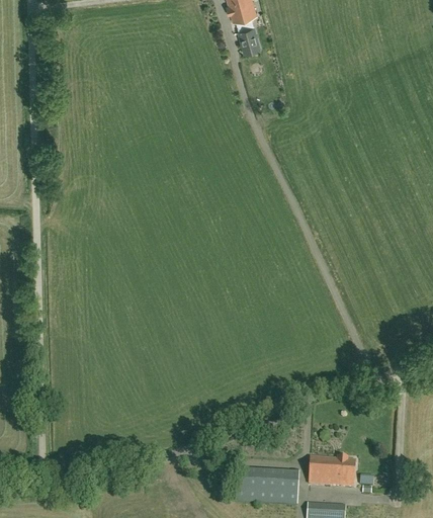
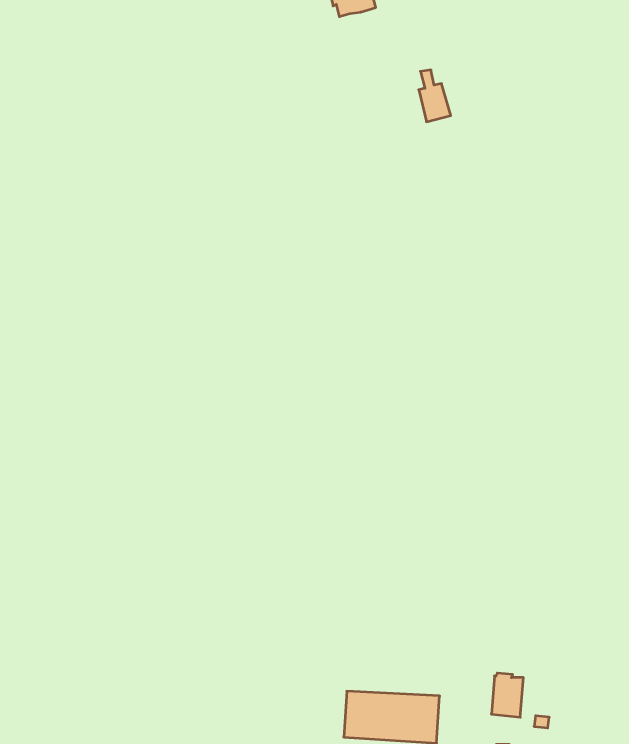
building: [239,17,260,52] -> [419,70,451,122]
building: [309,456,336,484] -> none

